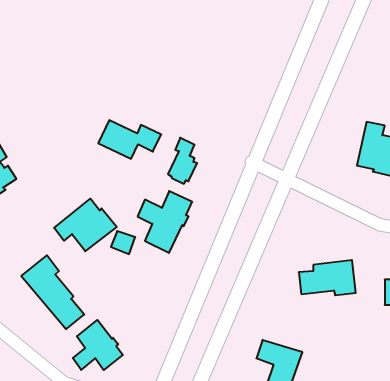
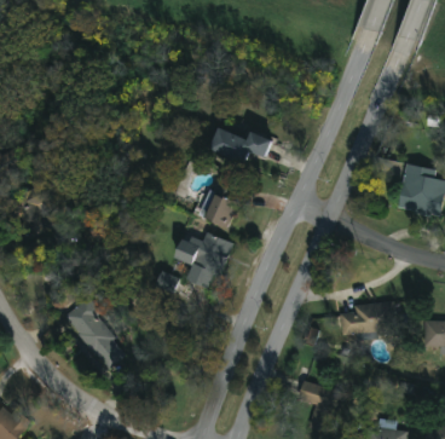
building: [98,120,161,159] -> [213,126,276,164]
building: [54,199,117,251] -> none
building: [73,320,123,370] -> none

